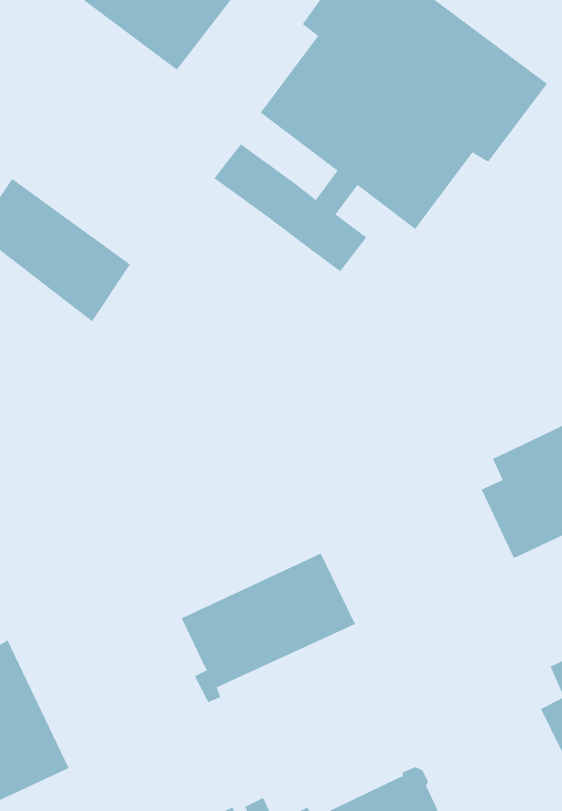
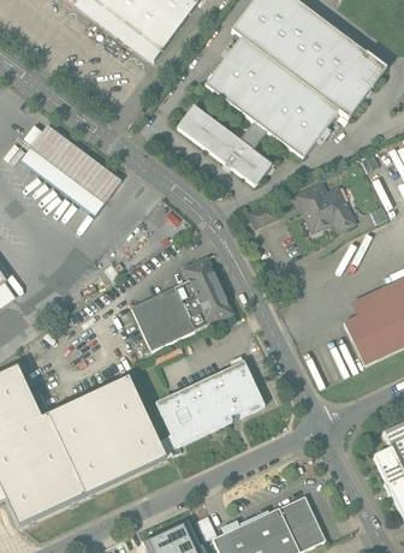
building: none -> [295,183,354,230]
building: none -> [130,257,231,350]
building: none -> [47,377,172,495]

